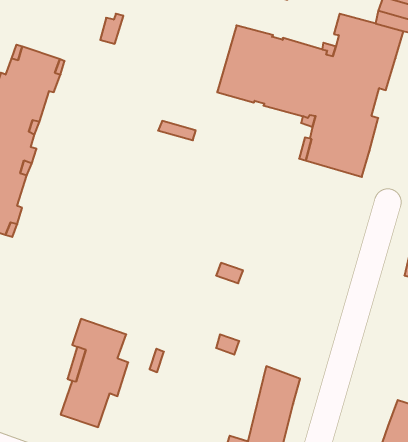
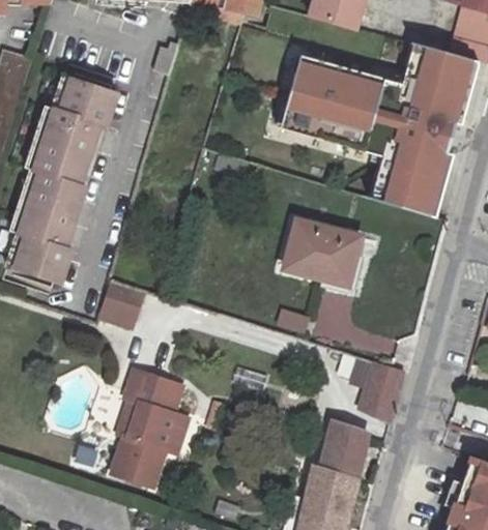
building: none -> [285,219,362,286]
building: none -> [102,281,144,325]
building: none -> [361,362,403,421]

